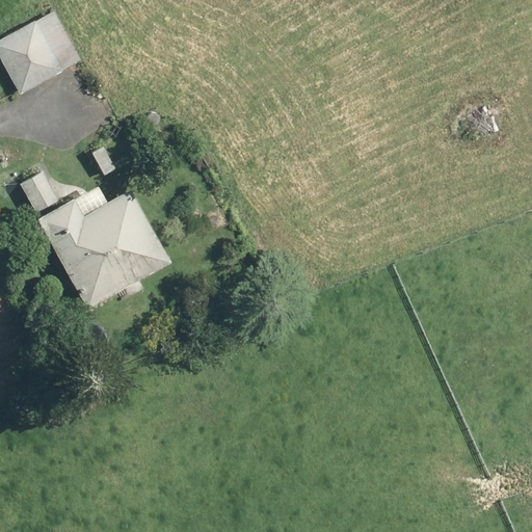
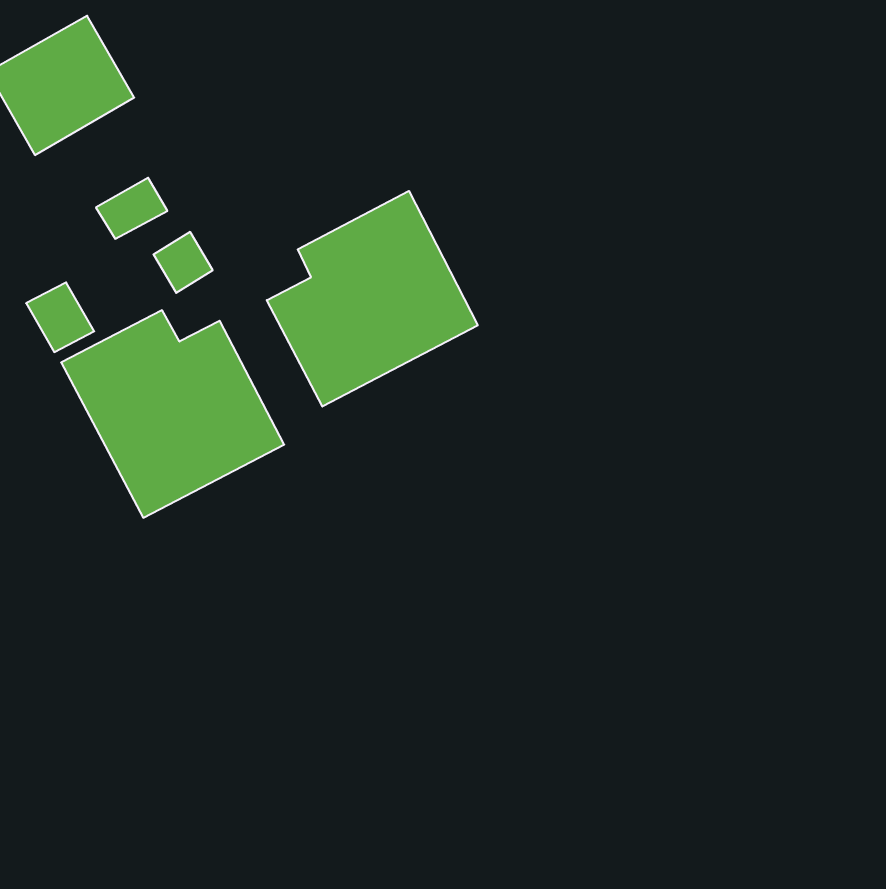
building: none -> [267,191,478,407]

